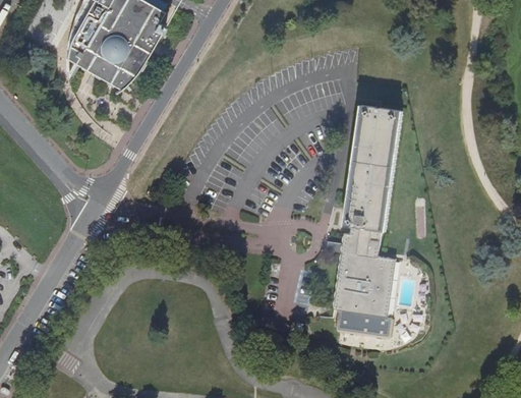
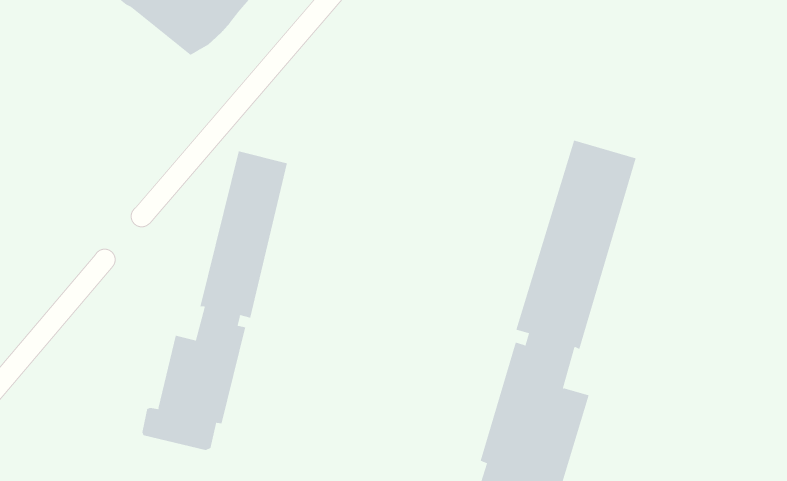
building: none -> [142,151,287,451]

